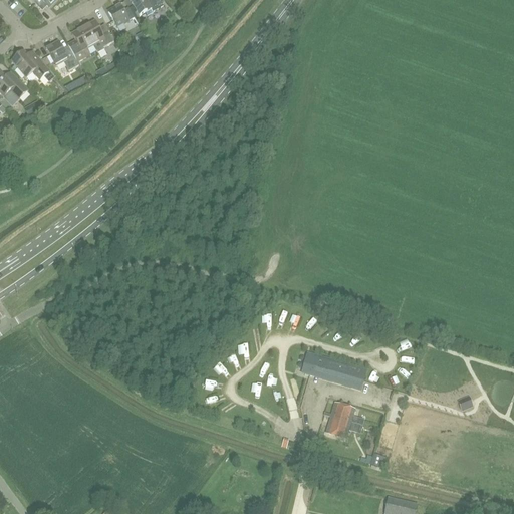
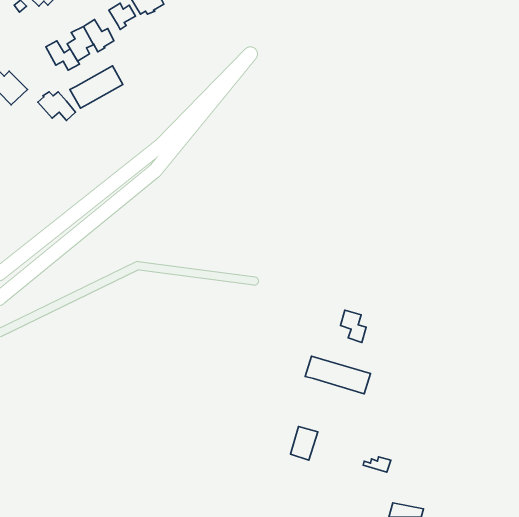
building: [11,50,48,78] -> [38,92,76,120]
building: none -> [70,66,123,108]
building: none -> [340,310,366,343]
building: [326,403,353,436] -> [290,427,318,460]

